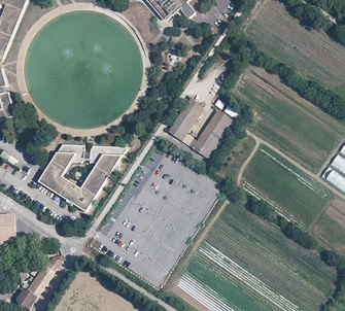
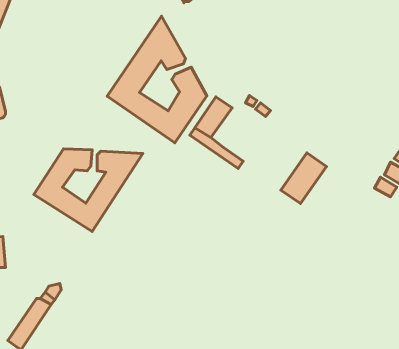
building: none -> [107,16,207,143]
building: [196,110,234,152] -> [281,153,327,204]

